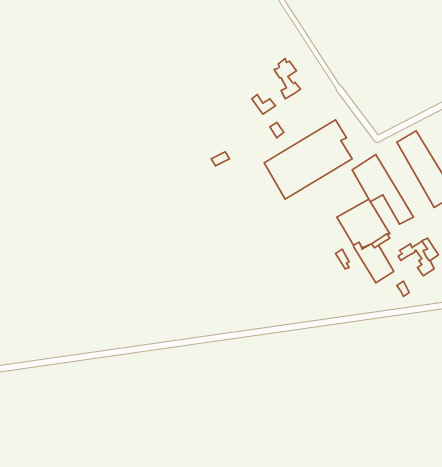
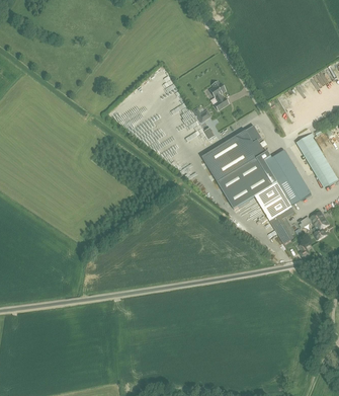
building: none -> [217,151,277,208]

